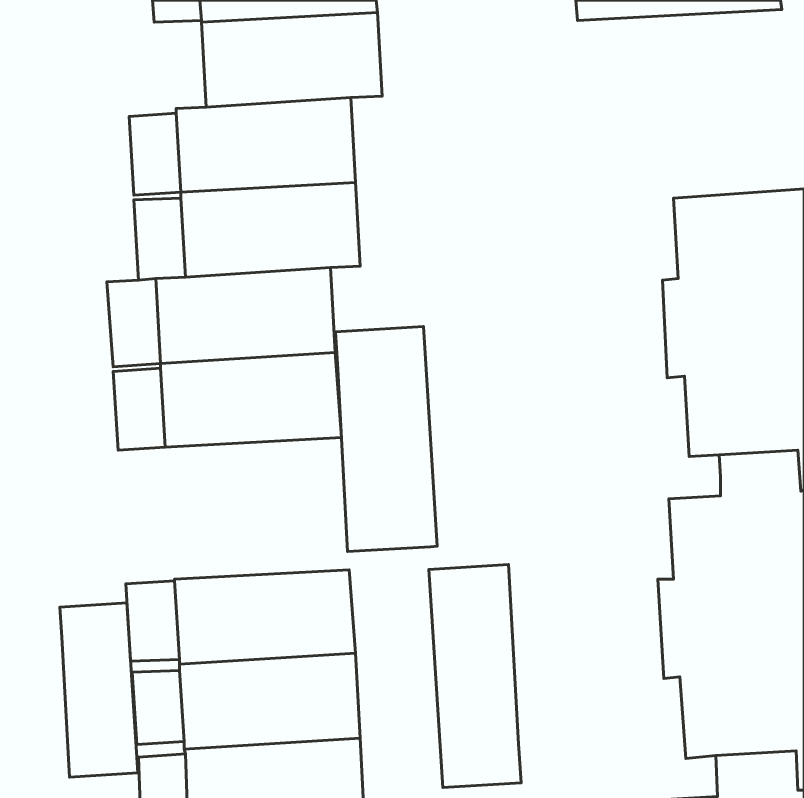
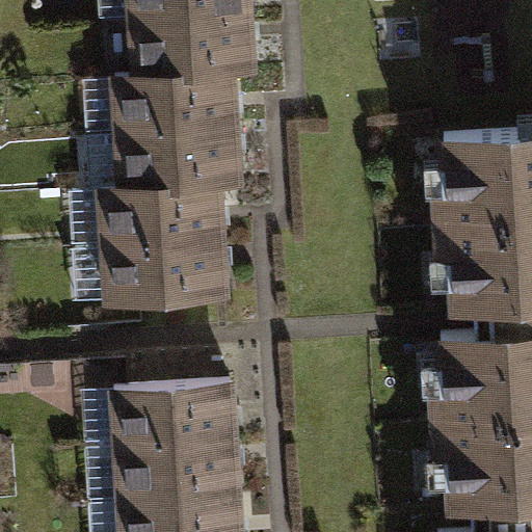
building: [335,327,437,552] -> none
building: [429,565,521,788] -> none
building: [60,603,138,777] -> none

